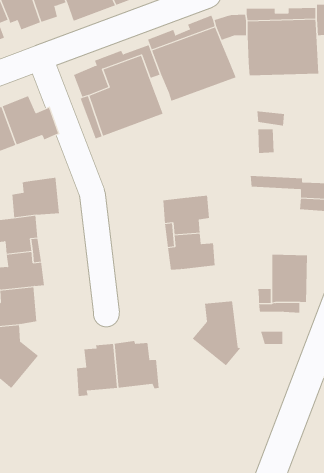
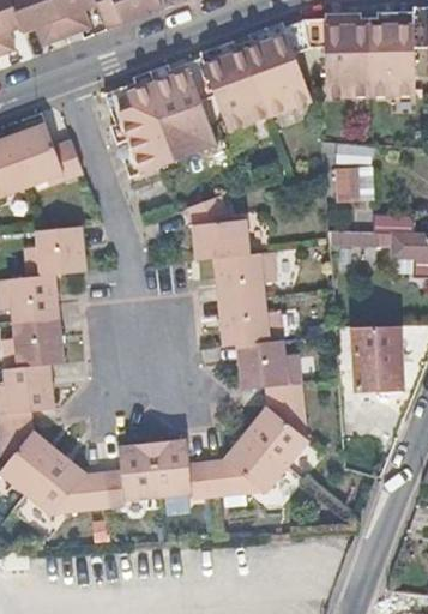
building: none -> [183,194,248,258]
building: none -> [240,339,305,390]
building: none -> [209,432,296,494]
building: none -> [25,453,109,513]

